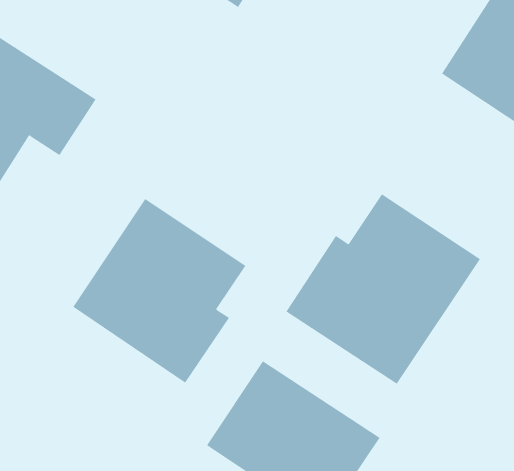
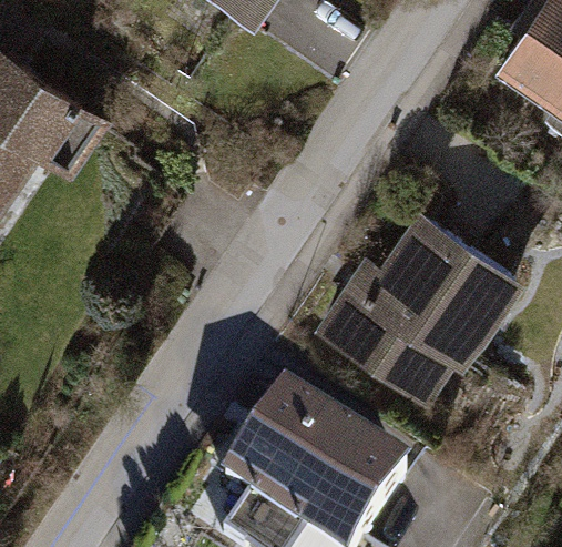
building: [73,198,246,383] -> none

